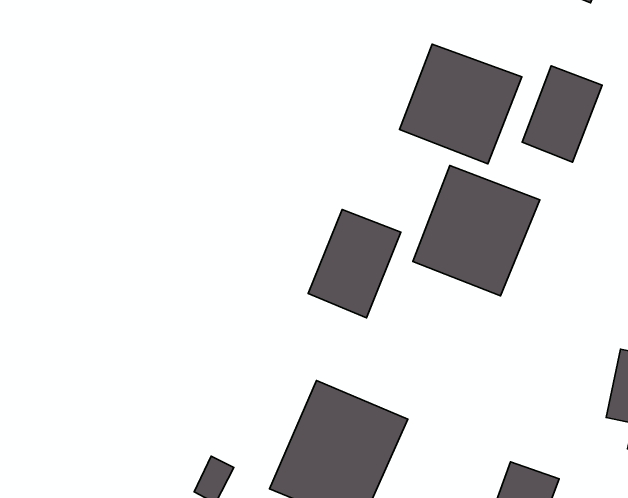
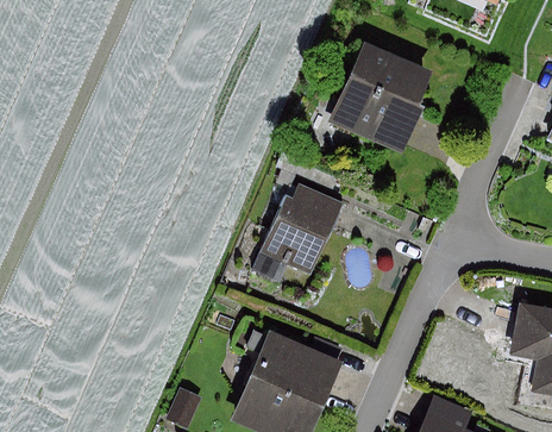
building: [522,66,602,162] -> none
building: [413,166,540,296] -> none

